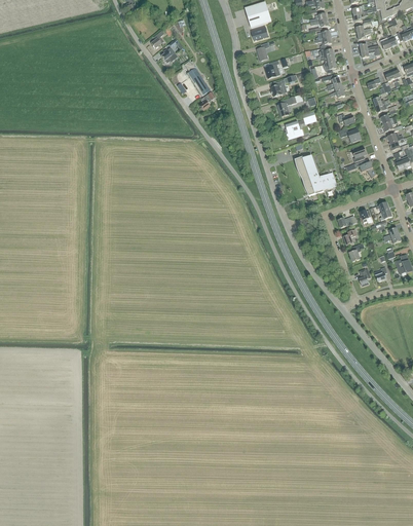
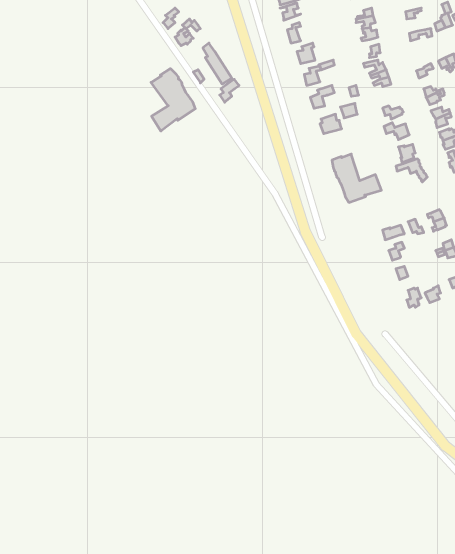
building: none -> [151,69,195,131]

